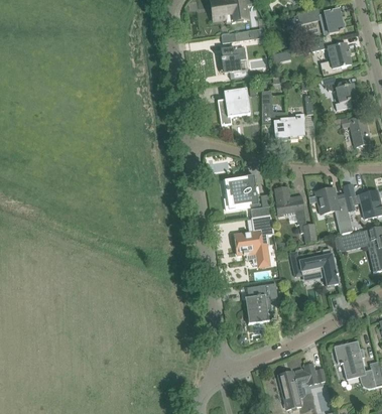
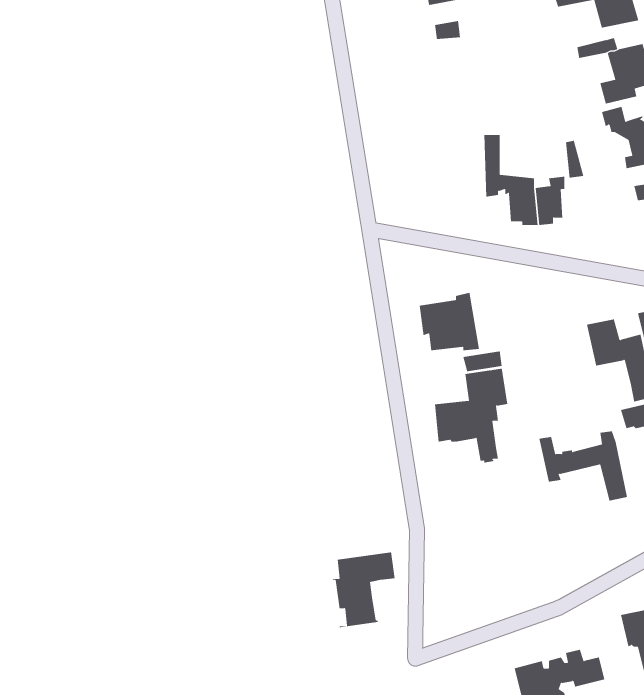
building: [221,46,246,73] -> none
building: [218,88,250,125] -> none
building: [274,186,316,242] -> none
building: [244,283,278,323] -> [331,552,396,628]

